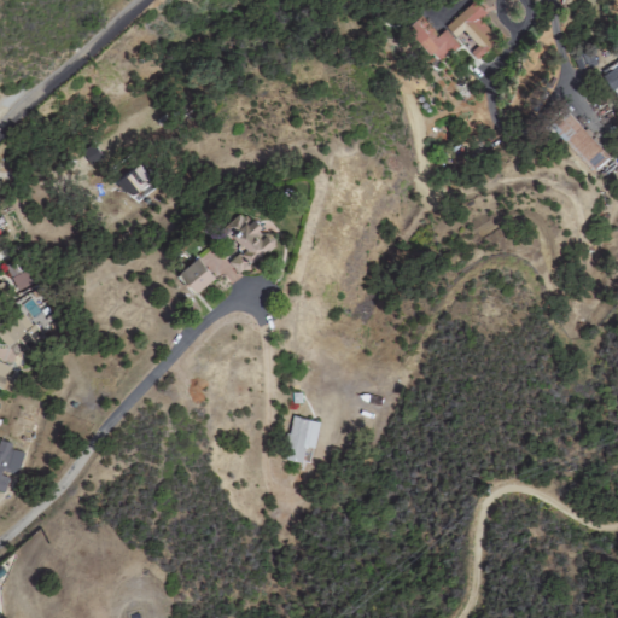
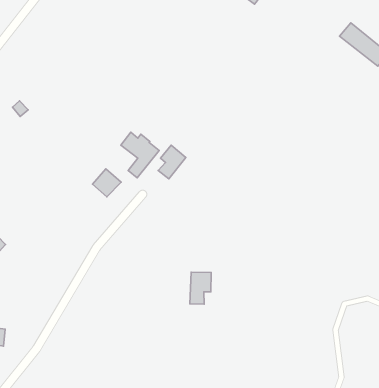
building: [117,163,154,198] -> none
building: none -> [158,145,186,179]

